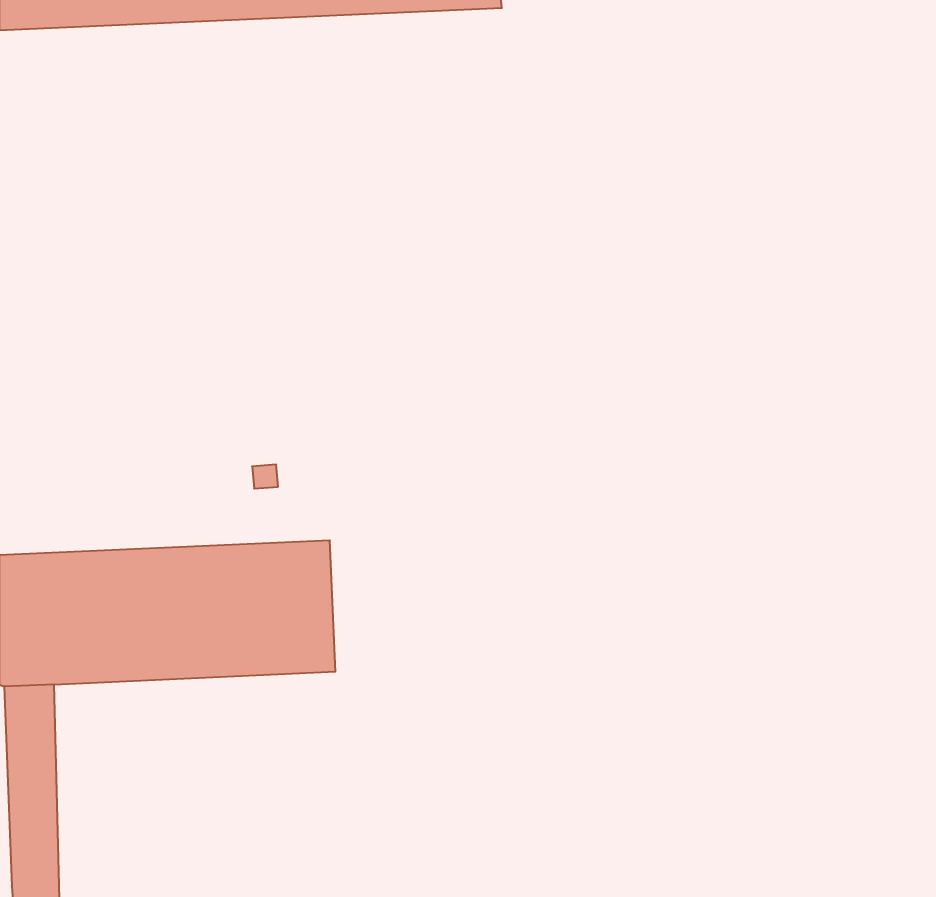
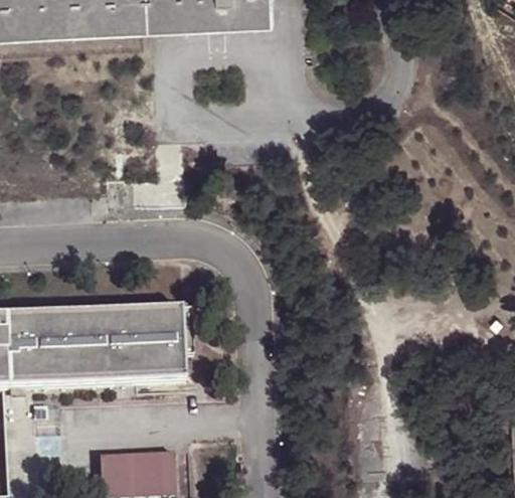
building: none -> [101,447,173,488]

